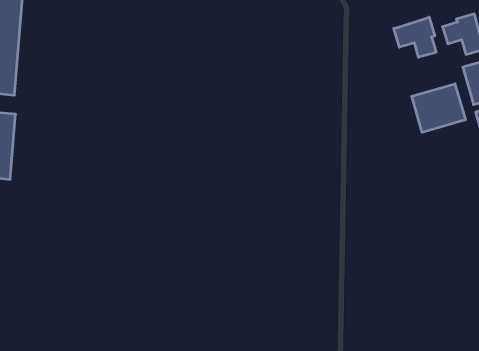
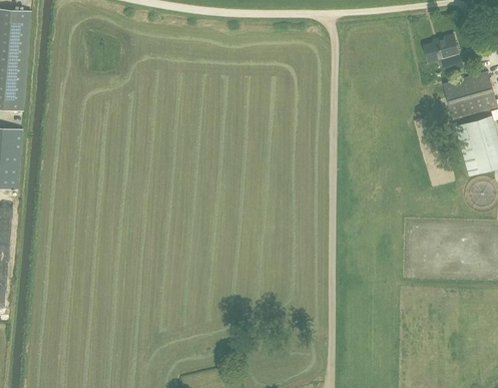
building: [394,17,436,57] -> none
building: [412,84,465,132] -> none

